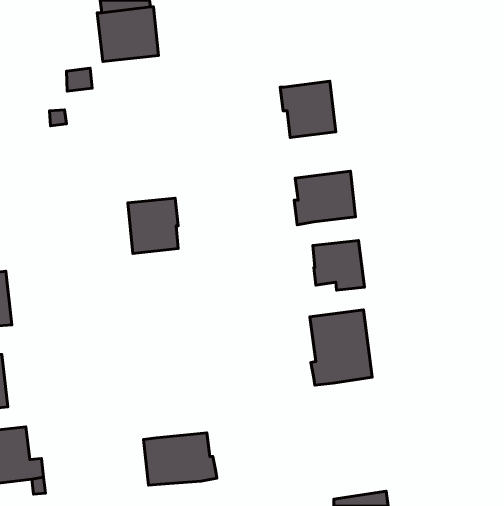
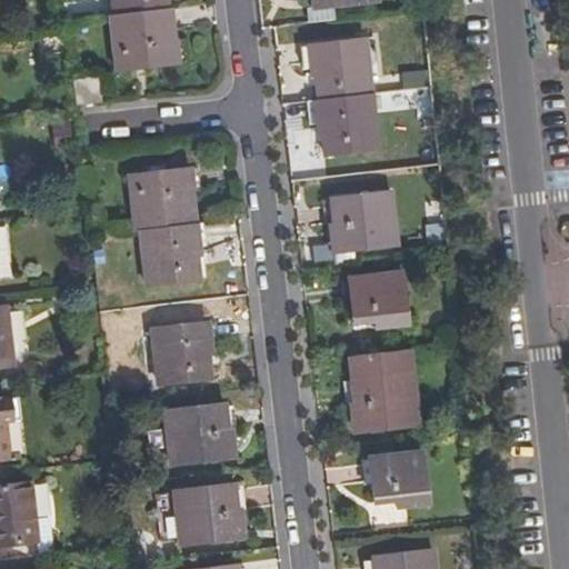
building: none -> [309,37,370,98]
building: none -> [130,168,197,229]
building: none -> [153,322,211,382]
building: none -> [166,406,232,465]
building: none -> [371,450,433,507]

